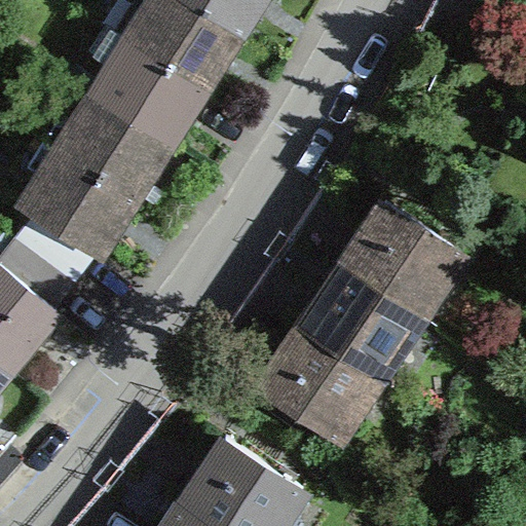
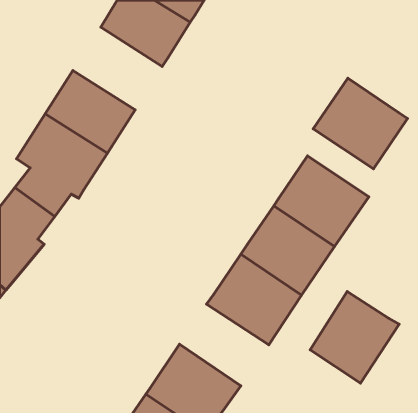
building: [91,41,203,145] -> none
building: none -> [313,78,407,169]
building: none -> [310,292,399,383]

